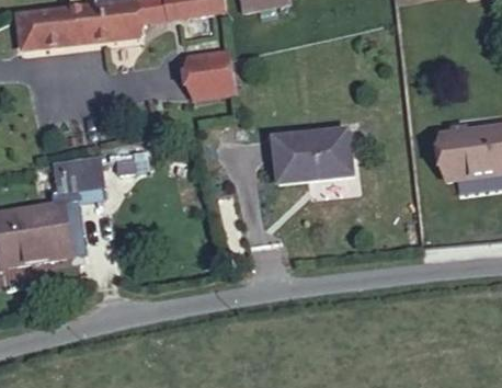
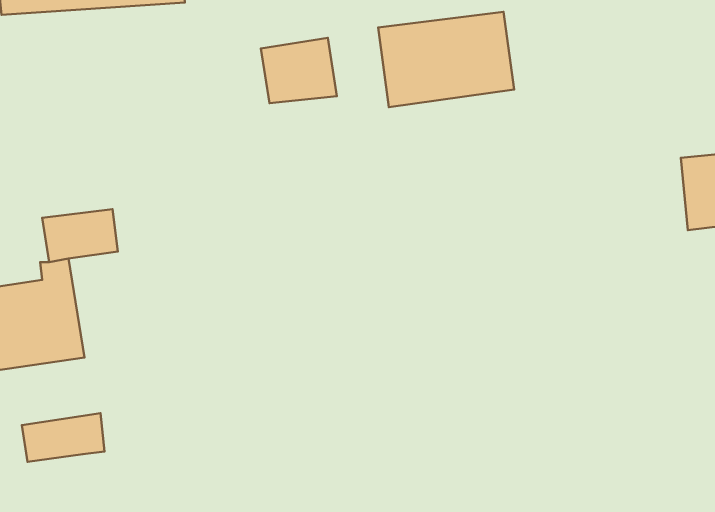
building: [271,128,355,187] -> [378,12,514,107]
building: none -> [22,413,105,462]

